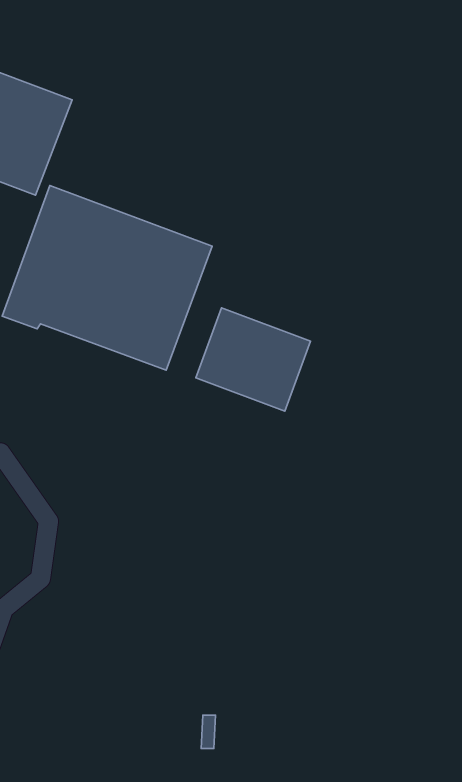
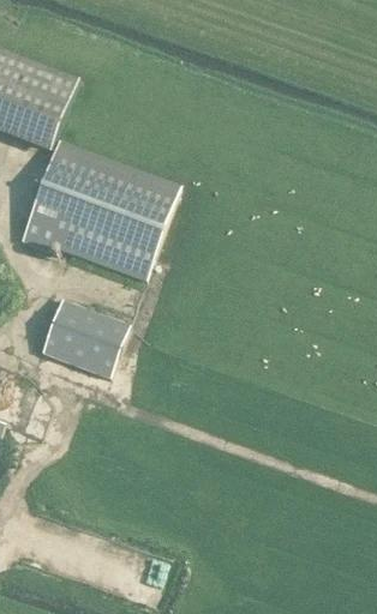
building: [196,308,310,411] -> [42,299,128,377]

